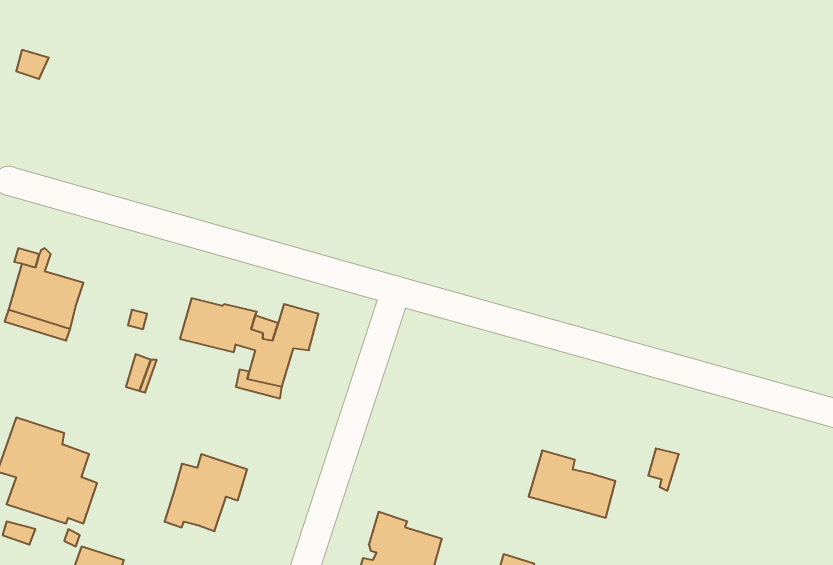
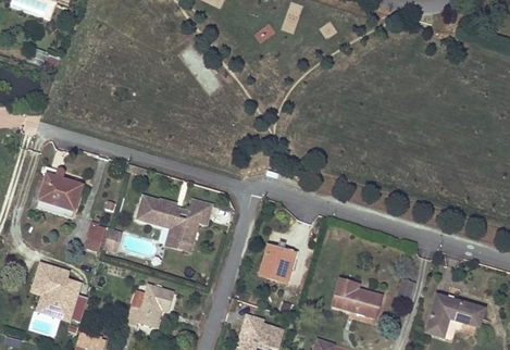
building: none -> [85,220,107,250]
building: none -> [259,245,293,282]
building: none -> [425,295,483,337]

